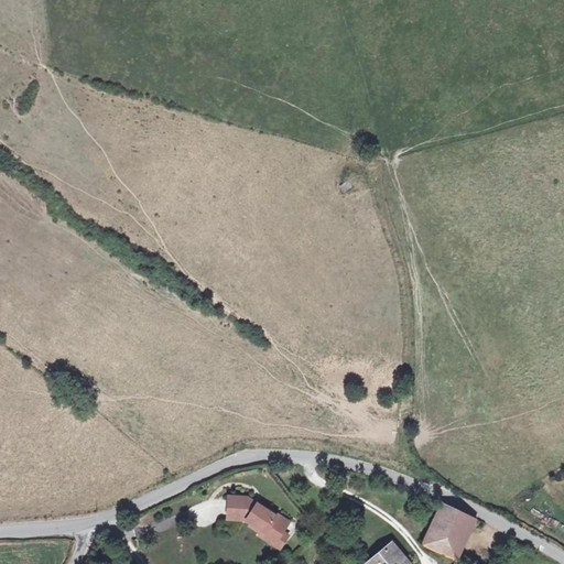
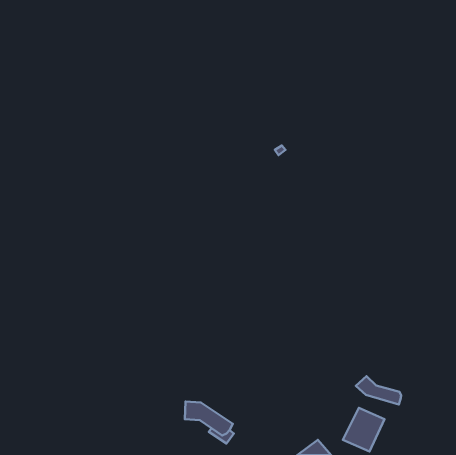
building: none -> [356,376,401,404]

